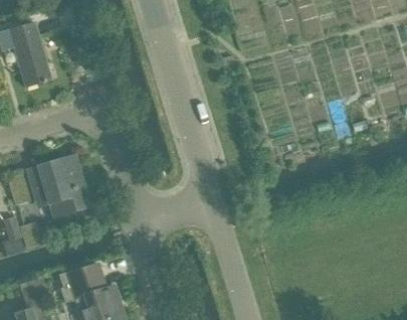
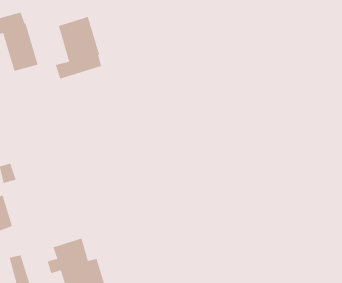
building: none -> [55,16,101,79]
building: [28,159,90,216] -> none

